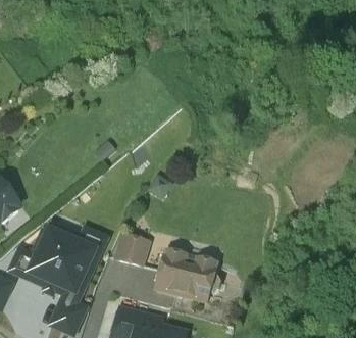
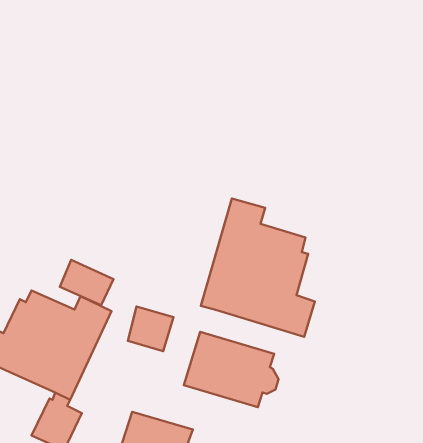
building: none -> [201,199,315,337]
building: none -> [60,260,114,305]

